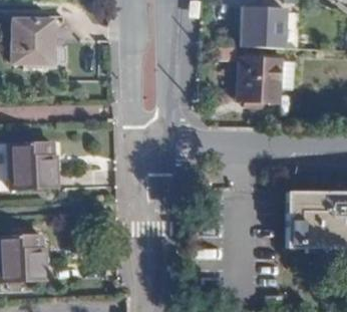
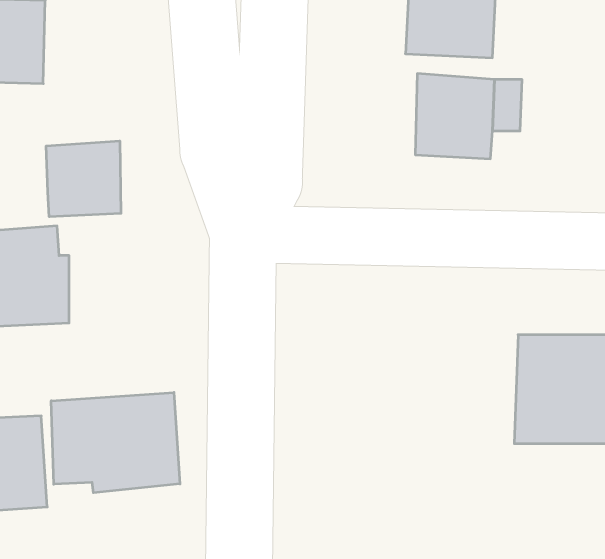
building: none -> [46,141,121,217]
building: none -> [51,392,180,493]

